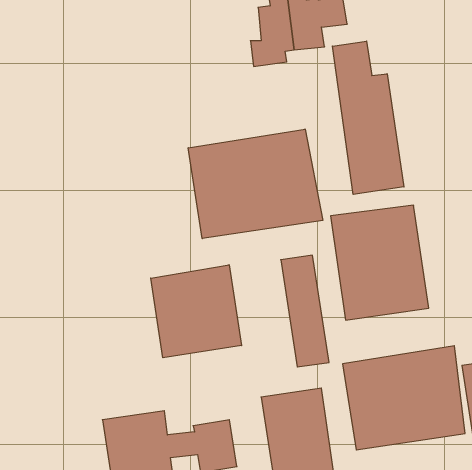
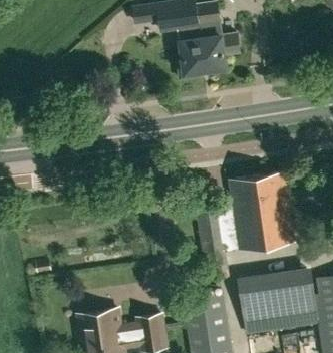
building: [332,41,404,194] -> none
building: [188,129,323,239] -> none
building: [151,265,242,358] -> none

